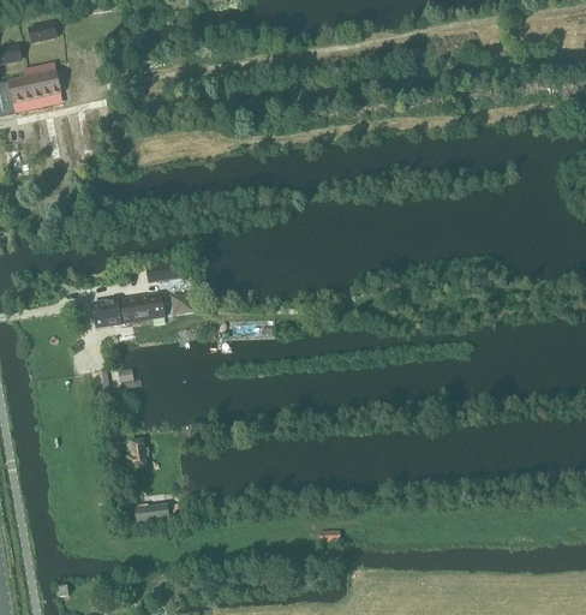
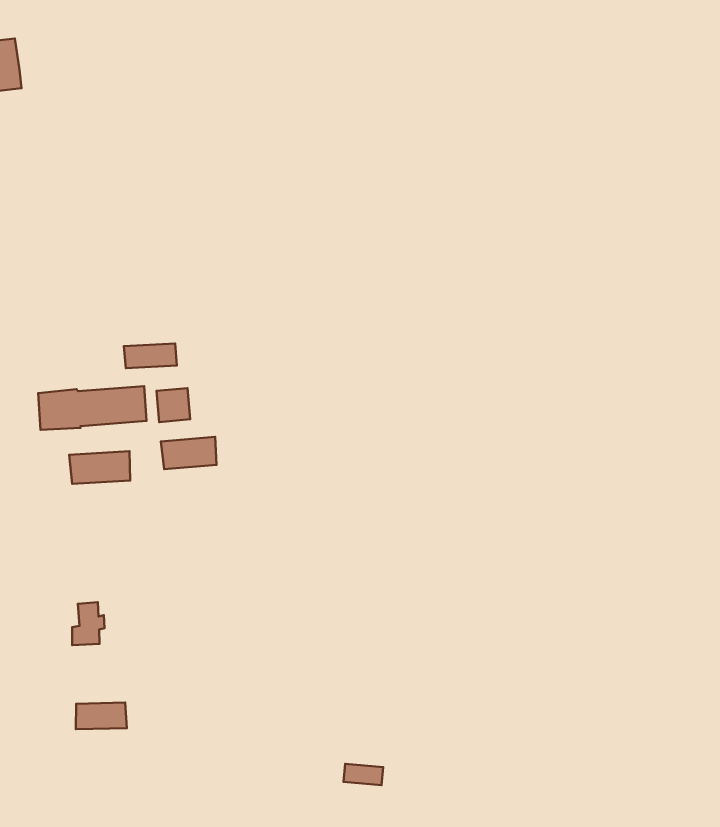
building: none -> [161,437,217,469]
building: none -> [69,451,130,484]

